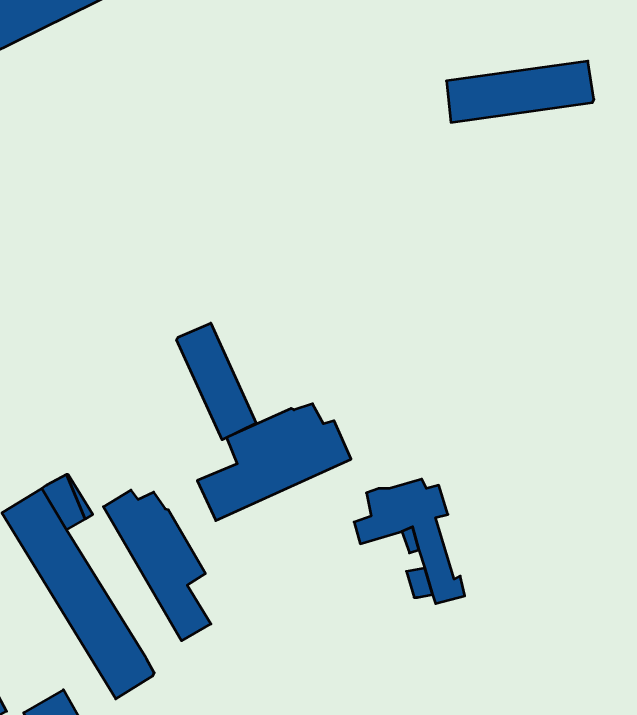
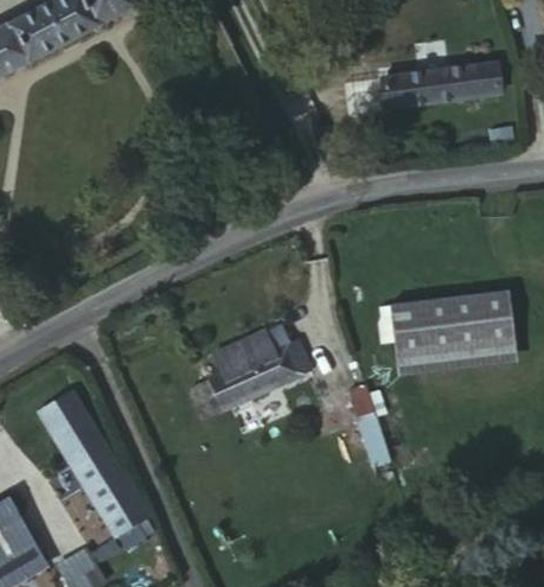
building: [177,323,256,440] -> none
building: none -> [391,291,517,358]
building: [103,490,211,641] -> none

